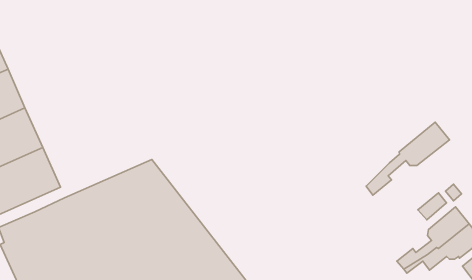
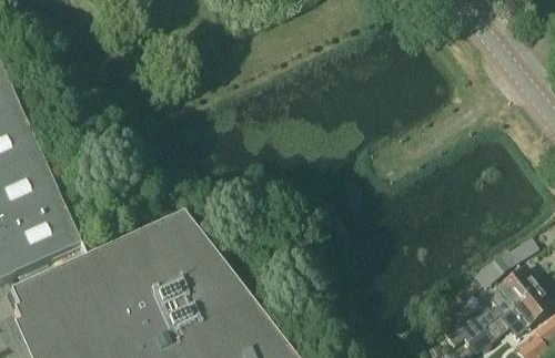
building: [366,122,449,195] -> none

